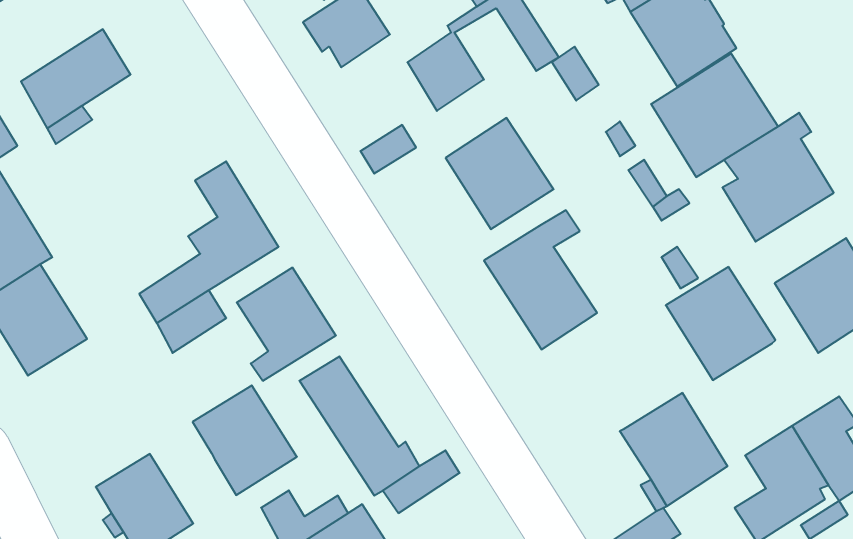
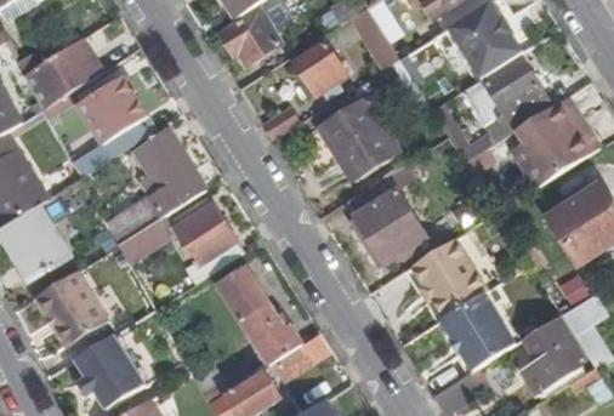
building: none -> [72,76,146,176]
building: [666,267,775,380] -> [410,239,487,318]
building: [193,385,297,495] -> [35,270,108,347]

